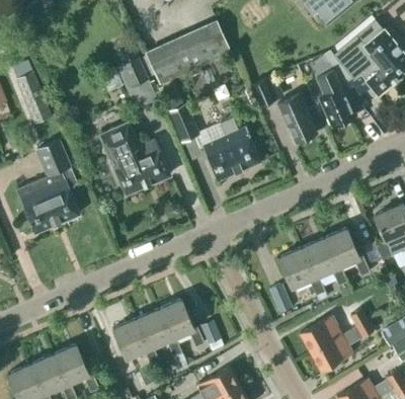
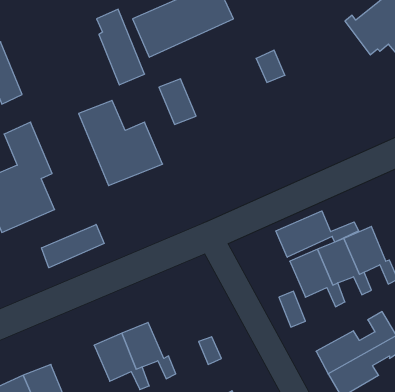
building: [310,55,359,127] -> none
building: [276,94,315,143] -> none
building: [201,123,259,180] -> none
building: none -> [276,211,359,257]
building: none -> [42,224,104,268]
building: [158,299,204,347] -> none

